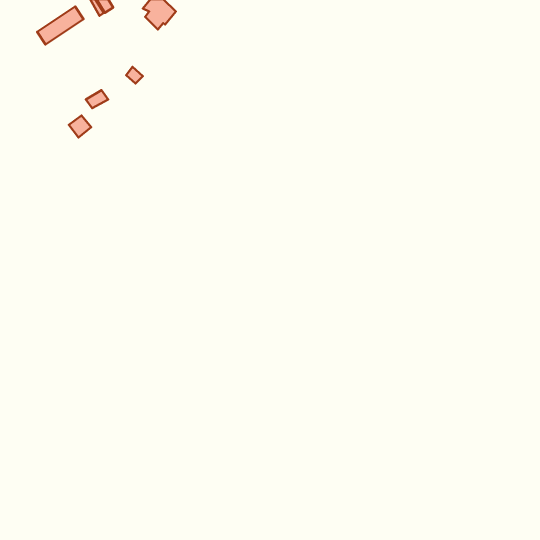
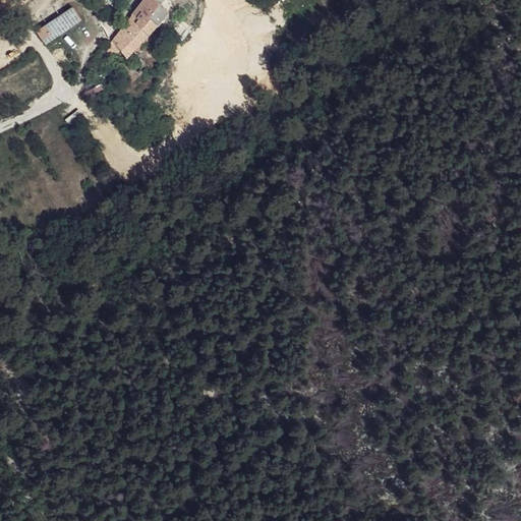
building: none -> [112,16,151,56]

